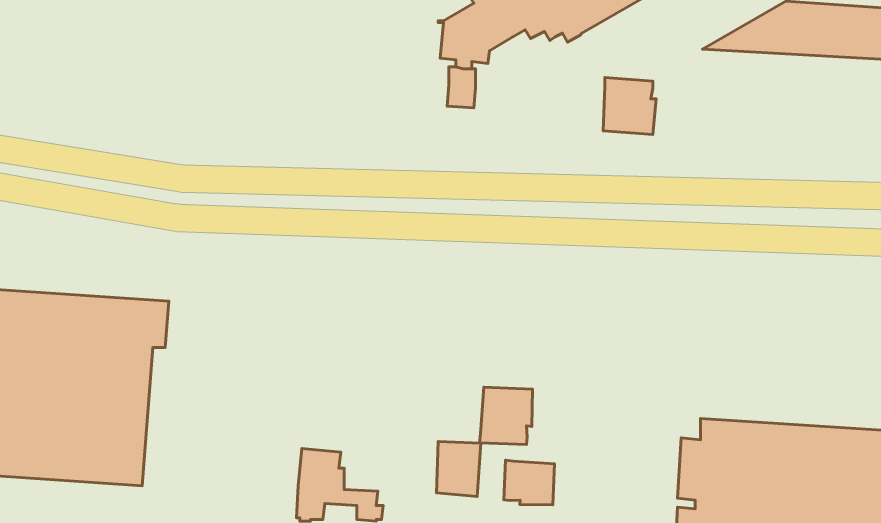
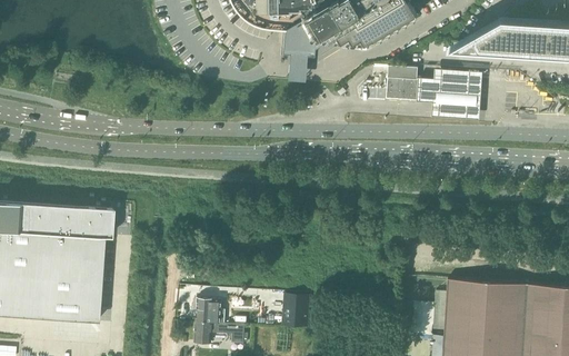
building: none -> [418,72,477,122]
building: [479,387,532,445] -> none
building: [504,460,555,505] -> none

